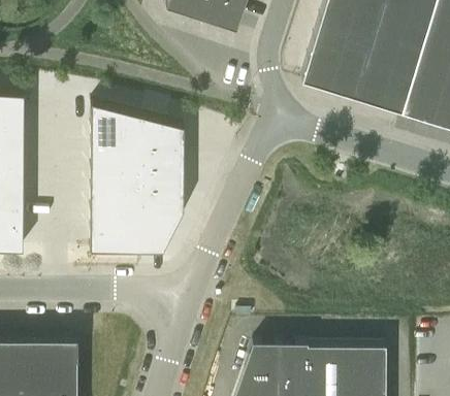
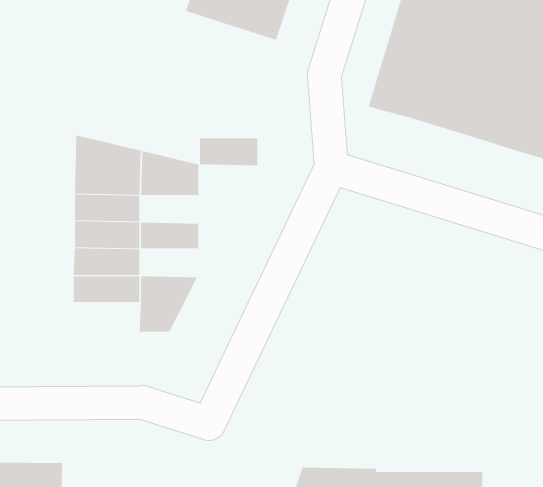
building: [134,148,178,169] -> [199,138,258,166]
building: [134,188,178,208] -> none
building: [85,227,134,249] -> none

